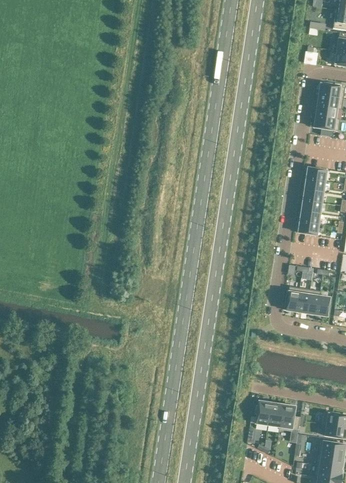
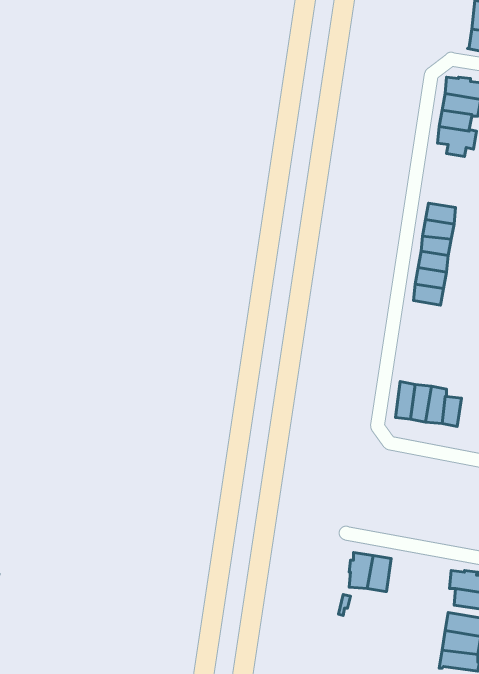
building: [279,404,300,430] -> none

